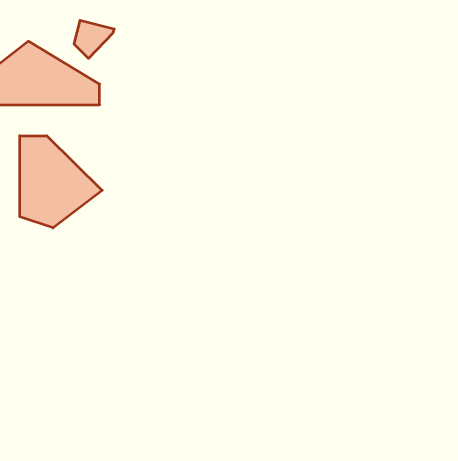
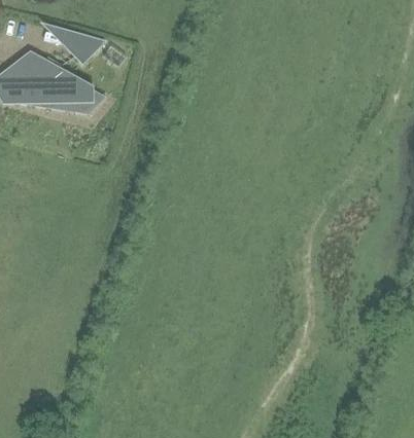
building: [20,136,102,228] -> none

